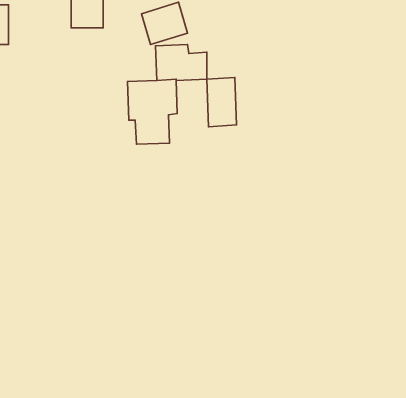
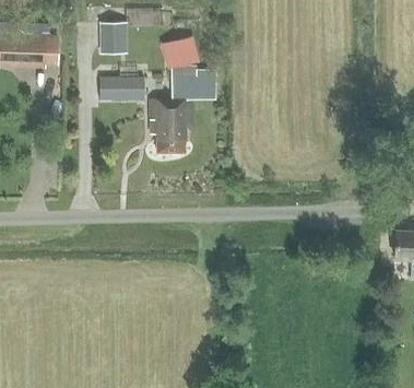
building: none -> [98,68,143,101]
building: [207,77,236,127] -> none

